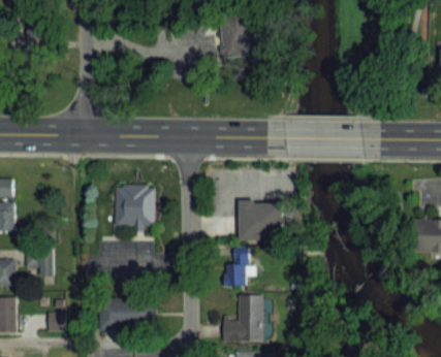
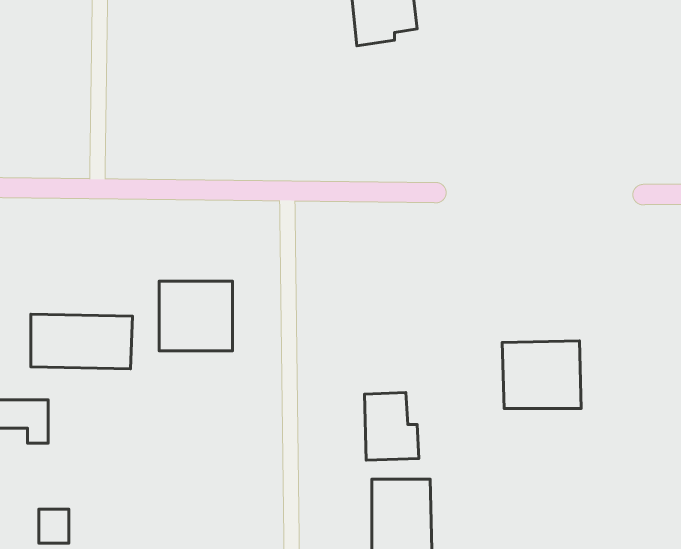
building: [238,202,281,239] -> [502,341,581,409]
building: [101,299,157,329] -> [31,314,133,369]

